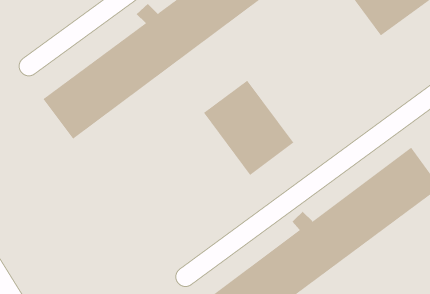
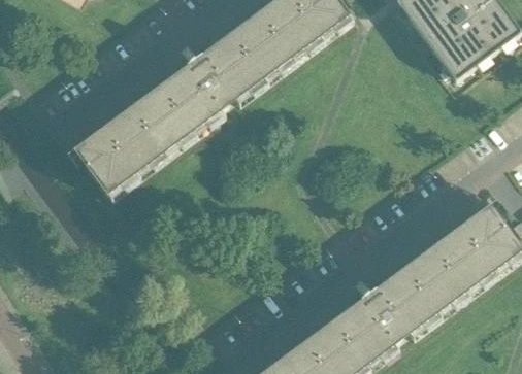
building: [203,80,294,176] -> none

